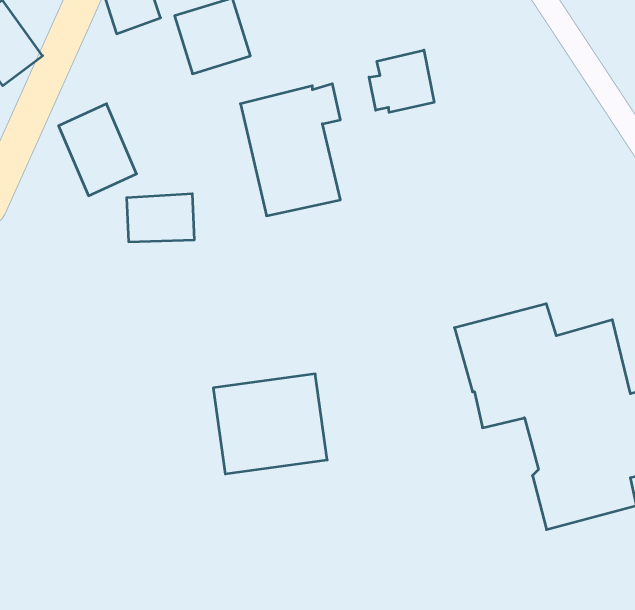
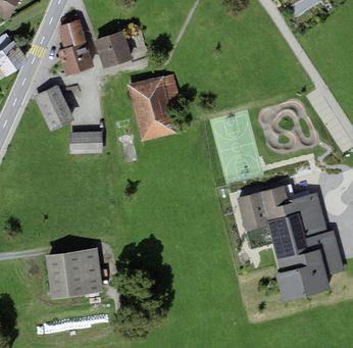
building: none -> [58,41,95,76]
building: [369,50,434,112] -> none
building: [213,374,327,474] -> [46,247,104,298]

